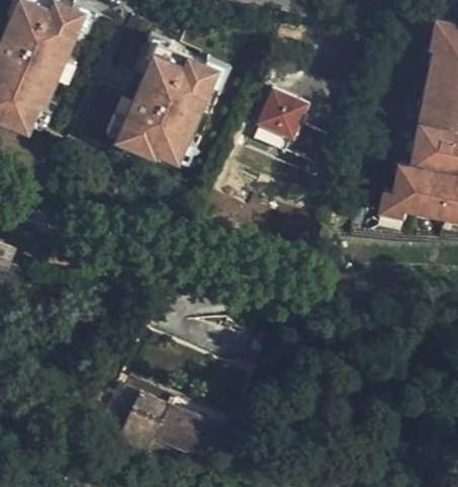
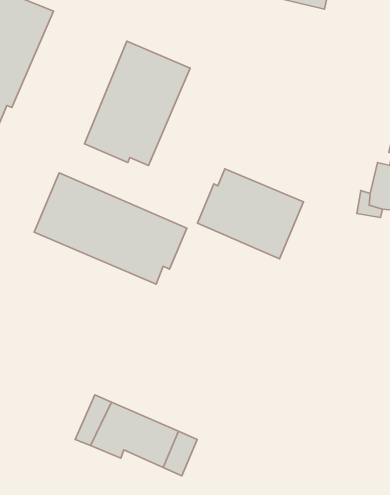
building: [254,92,308,147] -> none
building: none -> [197,169,303,259]
building: none -> [34,173,187,284]

